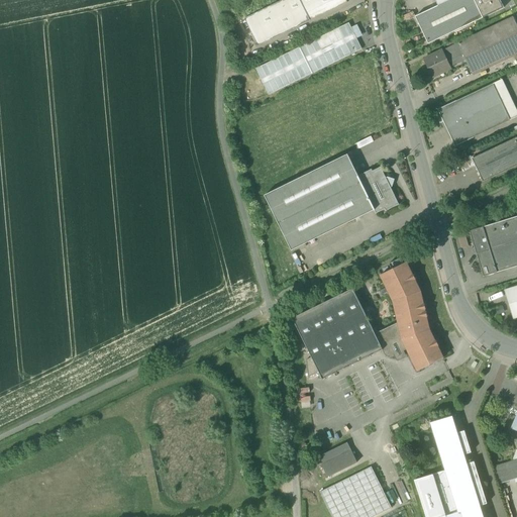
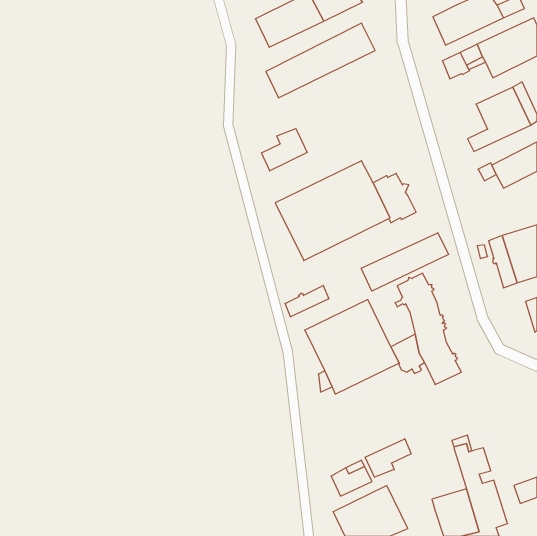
building: [438,100,469,133] -> none
building: none -> [262,129,307,171]
building: none -> [361,233,448,291]
building: none -> [285,285,329,317]
building: none -> [365,439,411,477]

